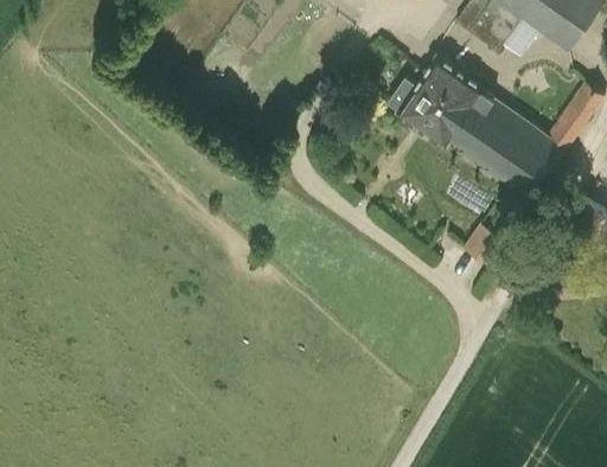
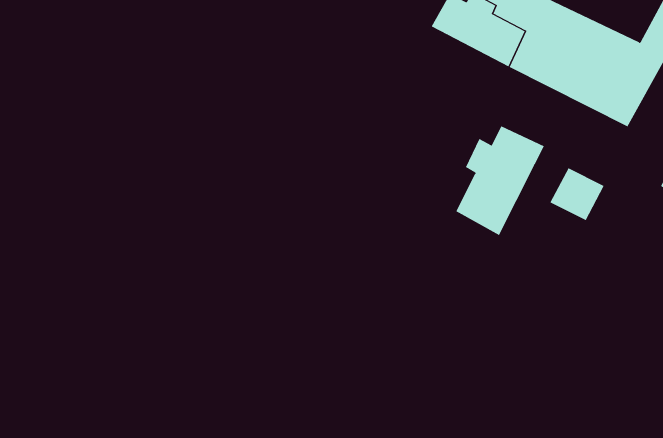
building: none -> [455,126,544,236]

